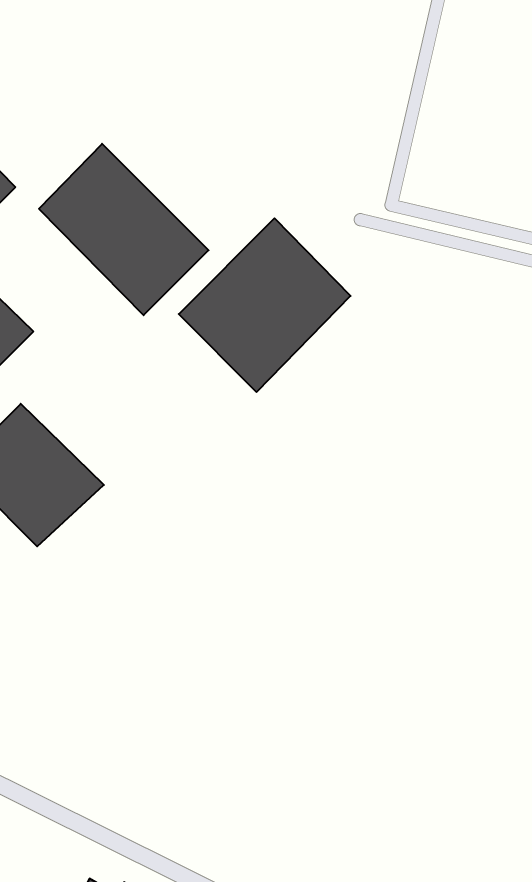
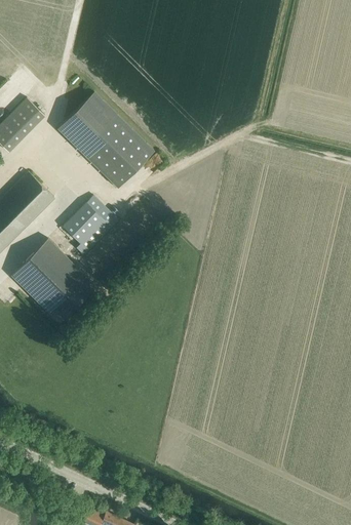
building: [179,218,351,392] -> none
building: none -> [63,196,118,255]

